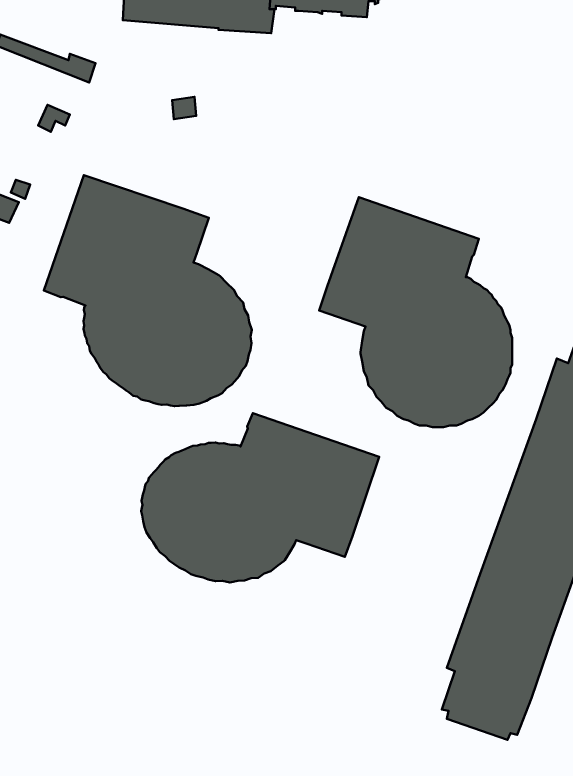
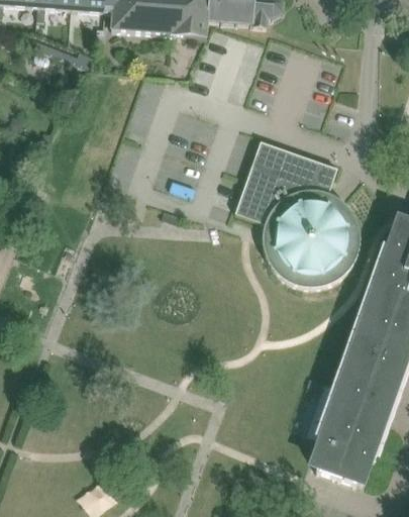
building: [44,175,252,406] -> none
building: [141,413,379,582] -> none

